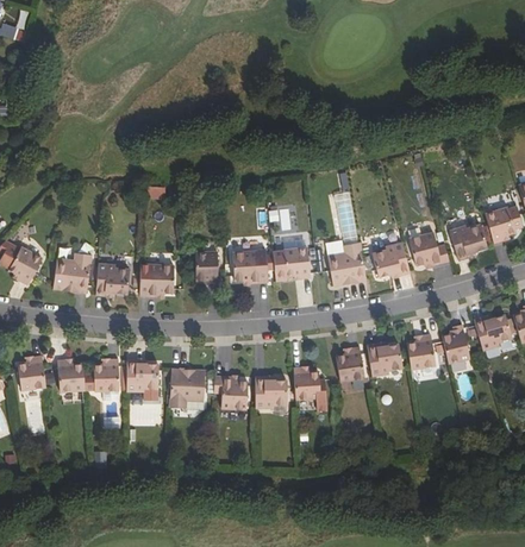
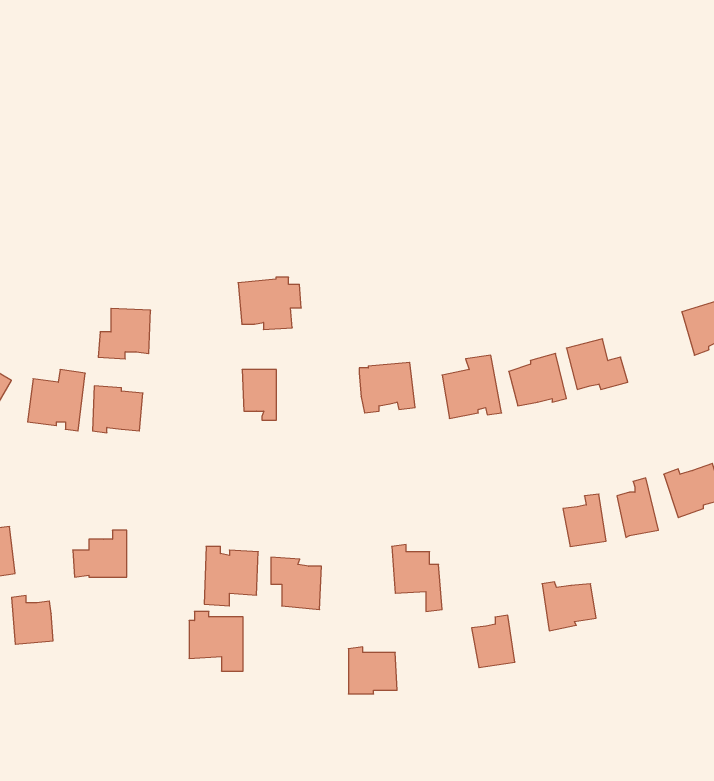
building: [449,224,487,259] -> none
building: [232,250,274,284] -> [238,277,301,330]
building: [139,264,174,297] -> [98,308,151,359]
building: [368,344,404,376] -> [542,582,596,631]
building: [336,347,364,382] -> [472,615,515,668]
building: [57,359,85,391] -> [12,596,53,644]
building: [124,360,160,400] -> [189,611,243,671]
building: [256,377,288,408] -> [348,647,397,694]

